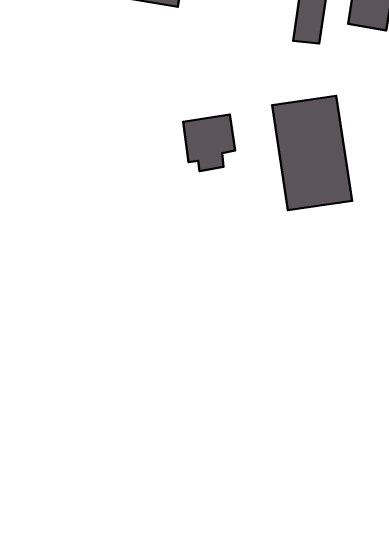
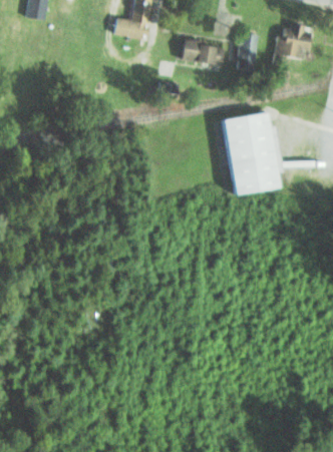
building: none -> [182,40,228,69]
building: [183,115,235,171] -> none

